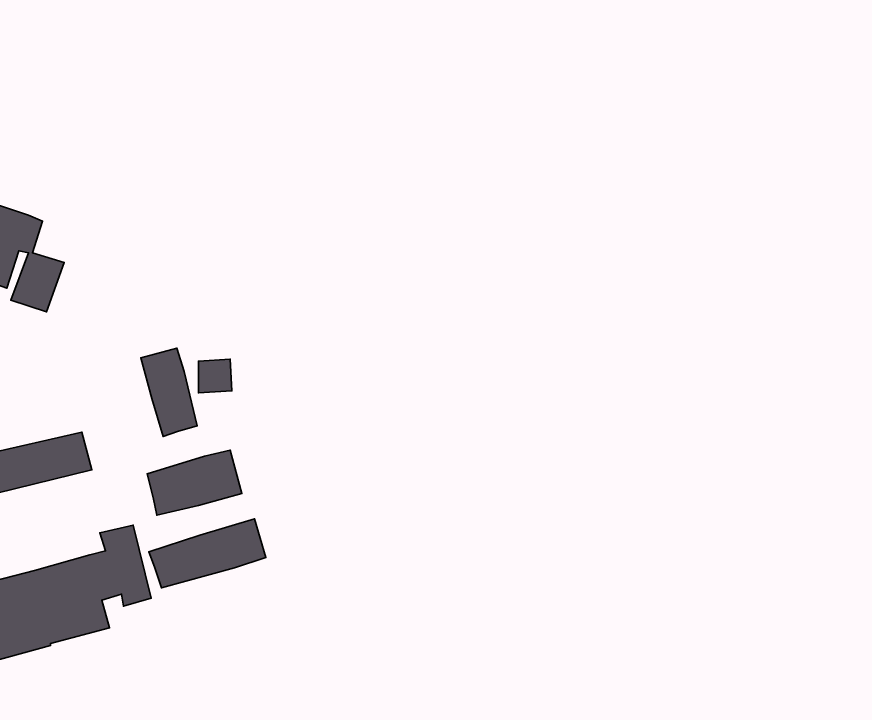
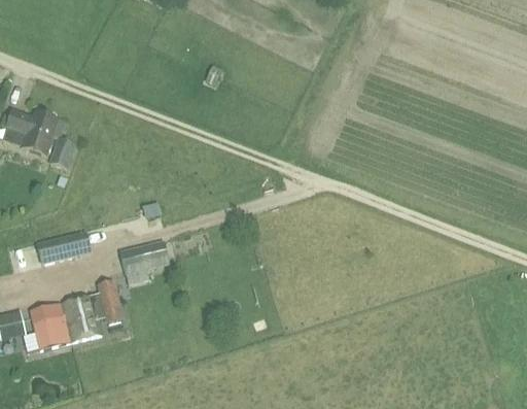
building: [141,348,197,436] -> none
building: [149,519,266,588] -> none

